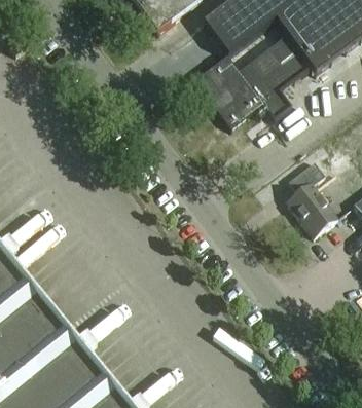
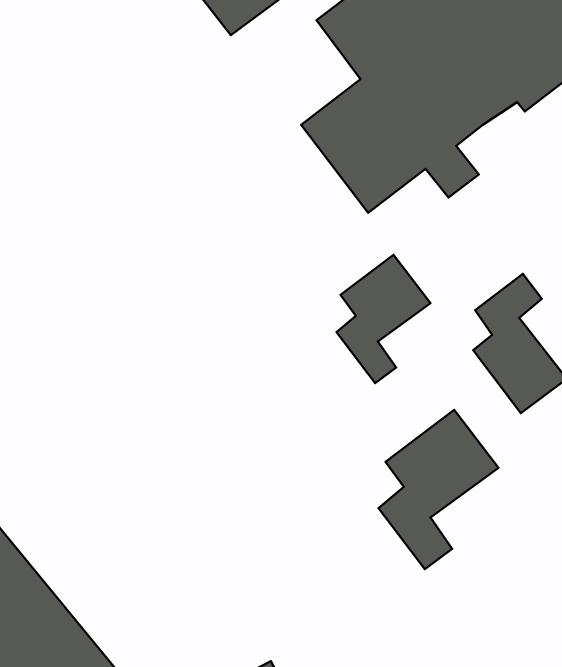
building: none -> [337,255,431,383]
building: none -> [379,410,499,569]

